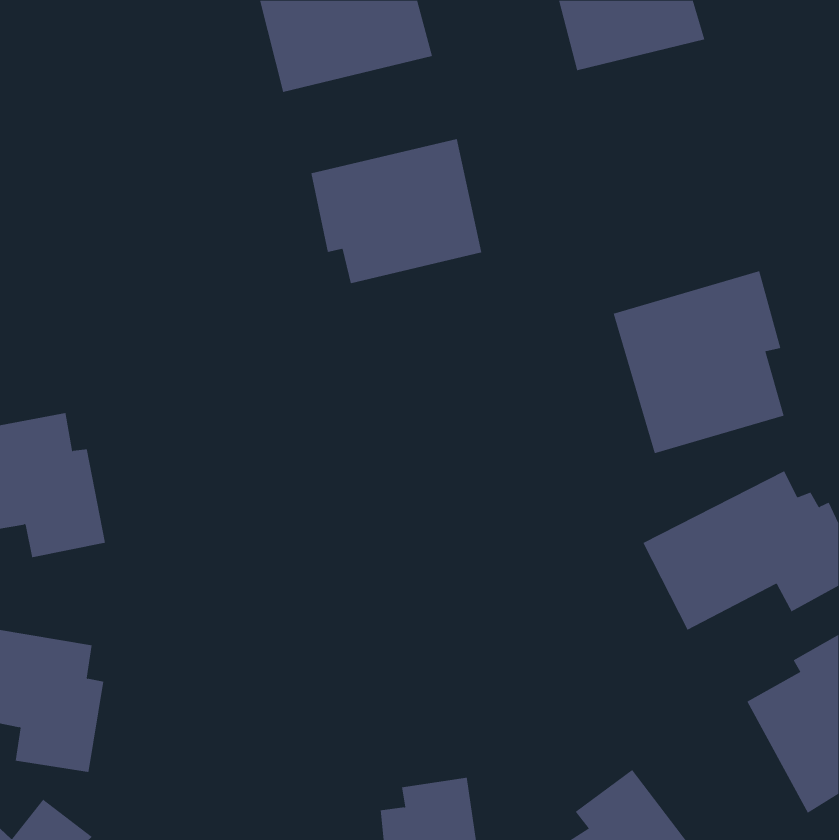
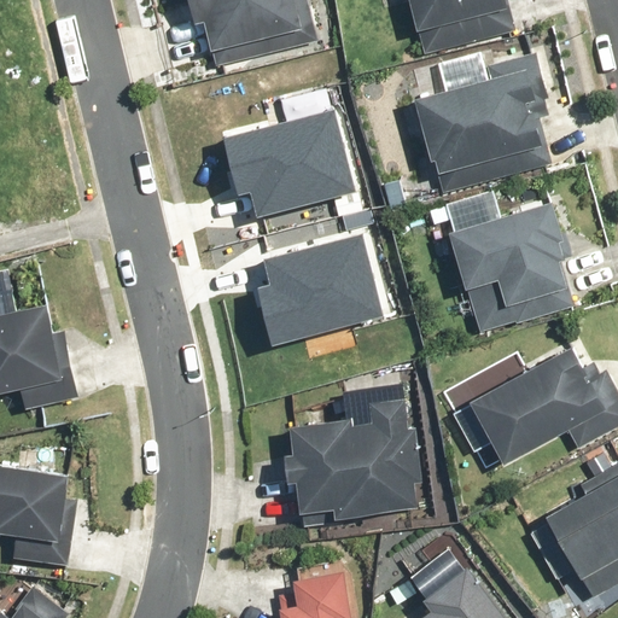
building: none -> [414,54,549,193]
building: none -> [260,229,383,338]
building: none -> [282,401,419,517]

